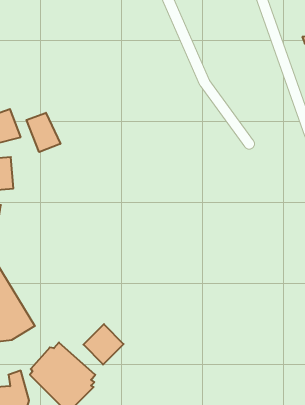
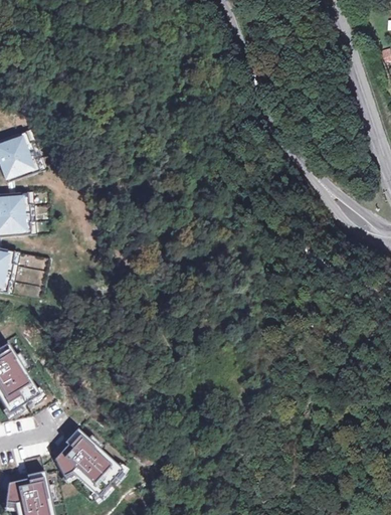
building: [26,113,60,152] -> none
building: [83,324,124,365] -> none

